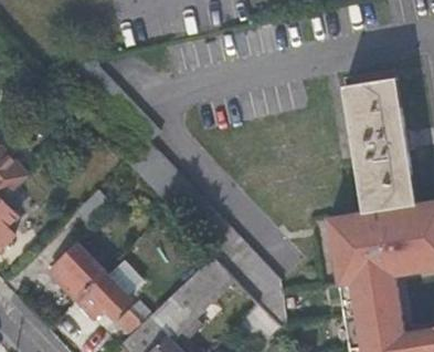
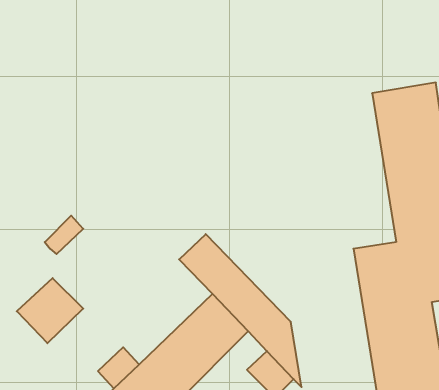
building: [75,268,131,315] -> none

